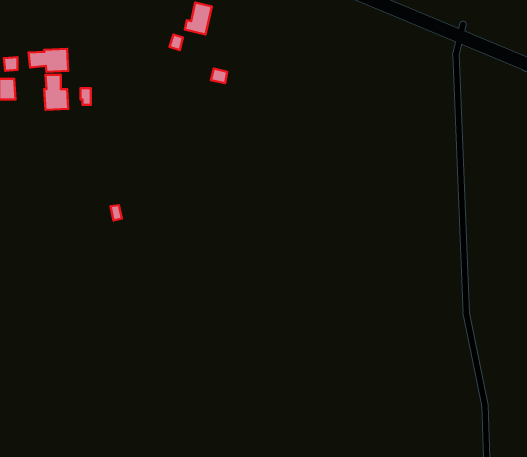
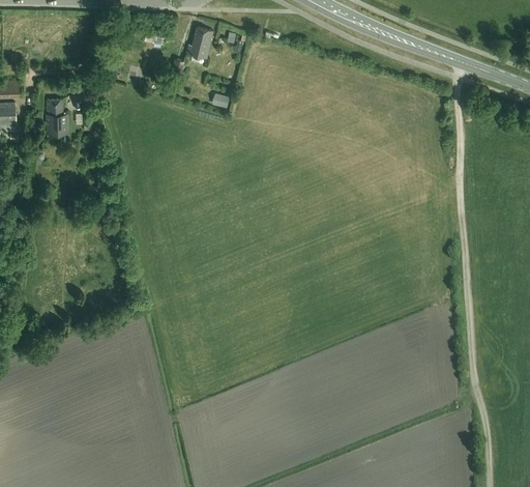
building: [28,49,68,72] -> none

